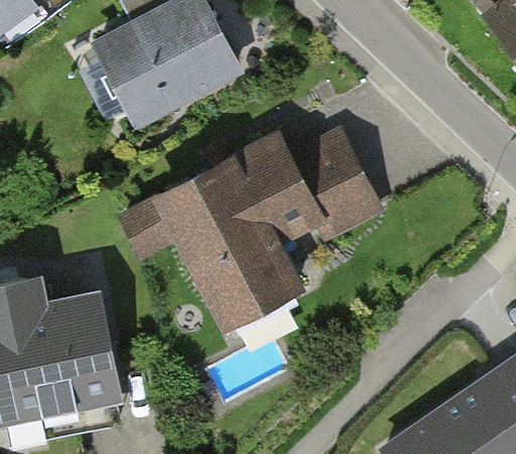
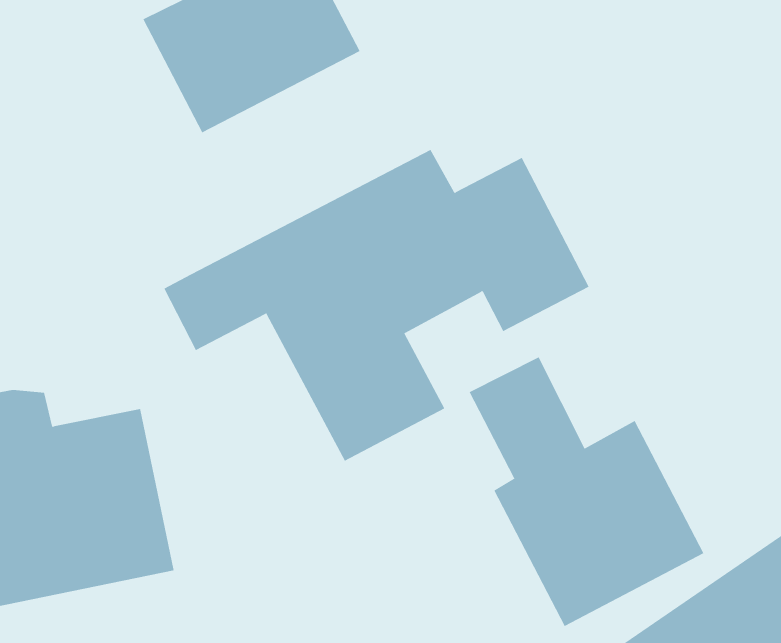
building: none -> [469,356,704,627]

